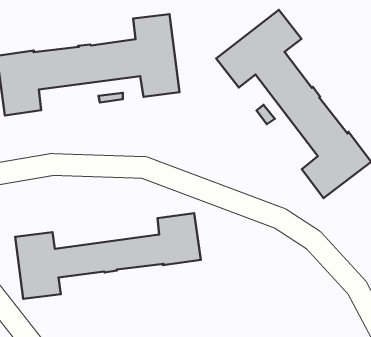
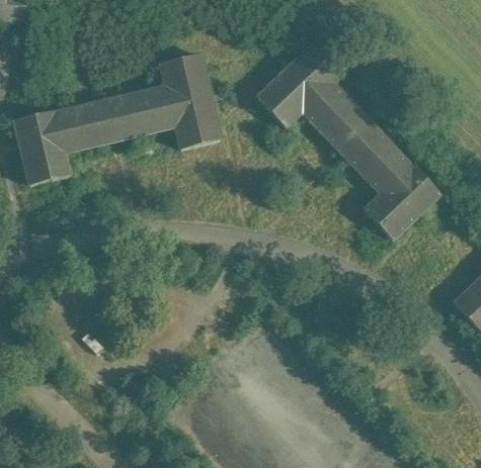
building: [15,213,201,299] -> none

